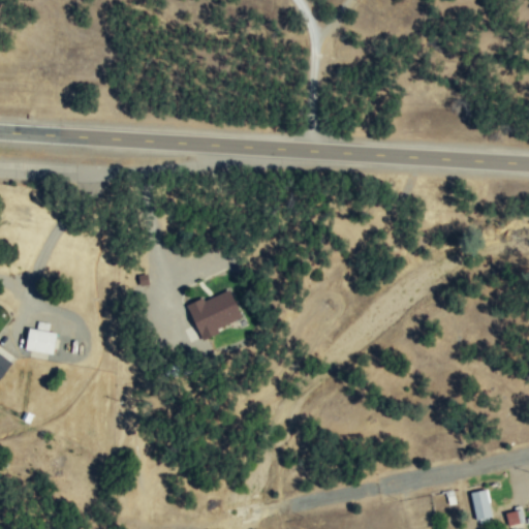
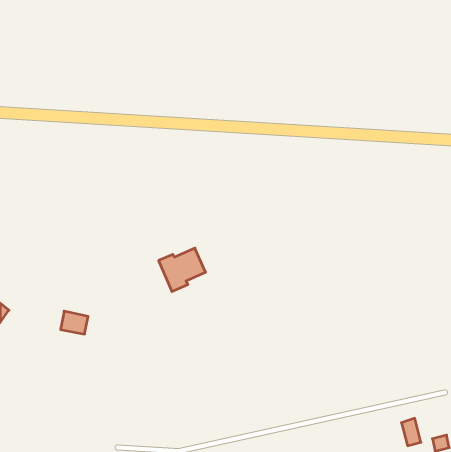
building: [25,328,57,354] -> [61,311,88,334]

